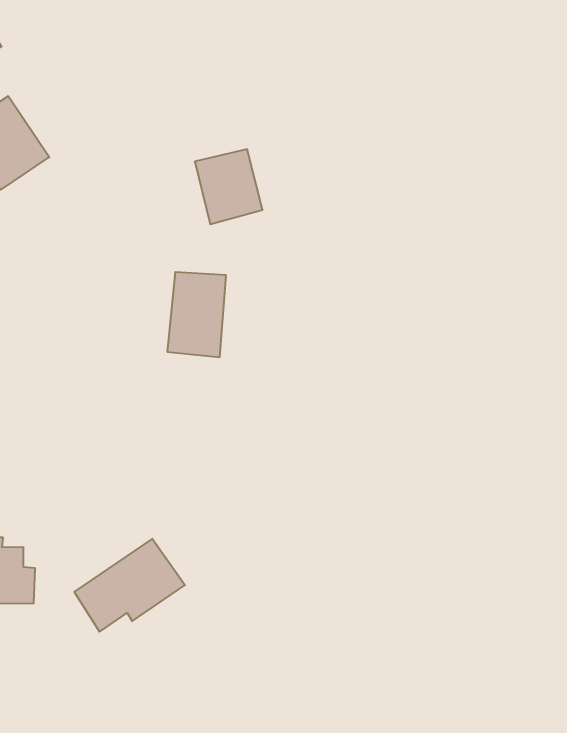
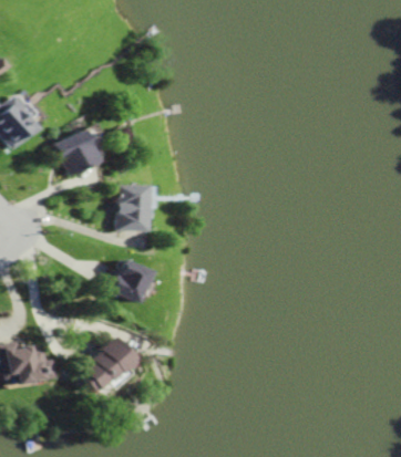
building: [195,149,263,224] -> [55,129,96,174]
building: none -> [111,259,150,302]

